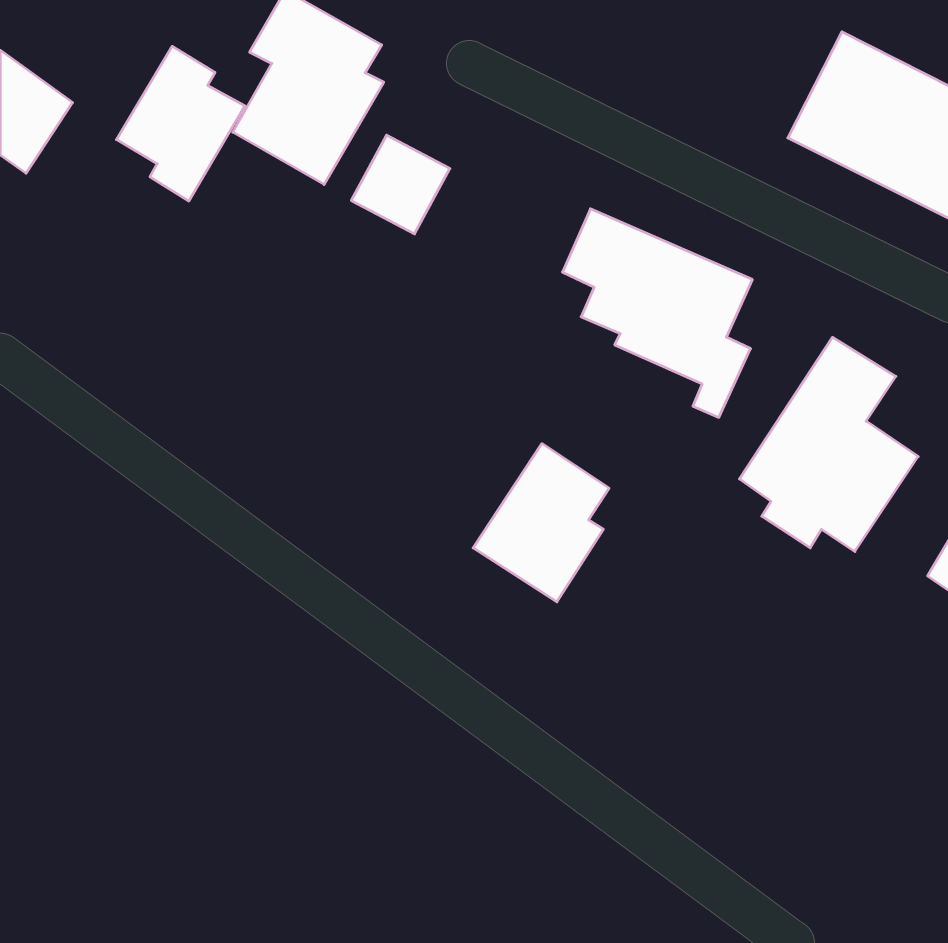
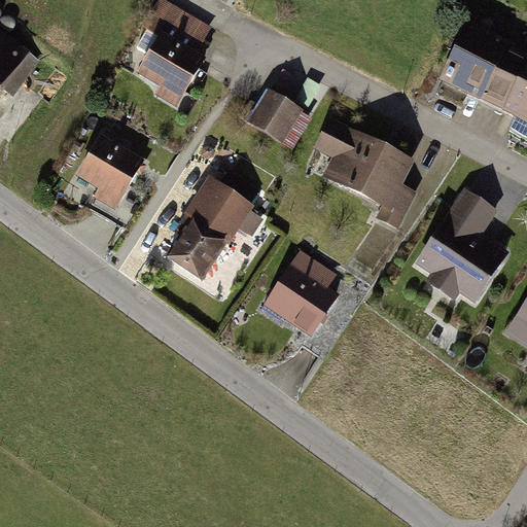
building: [116,46,245,201] -> [74,127,145,212]
building: [351,135,450,234] -> [247,90,302,144]
building: none -> [163,177,253,285]

